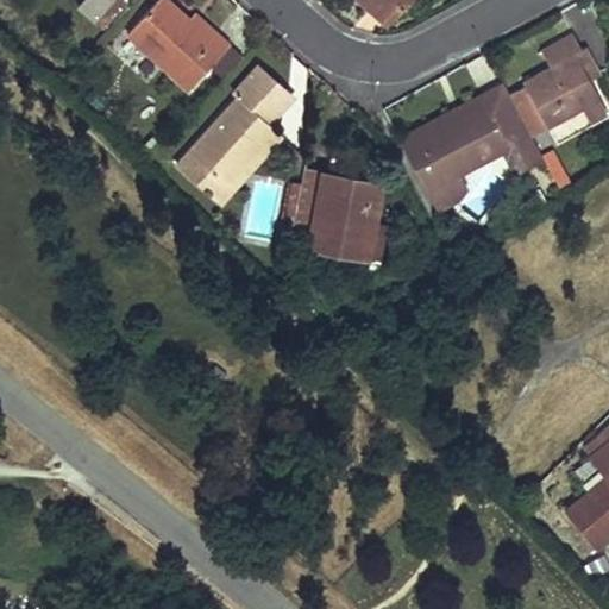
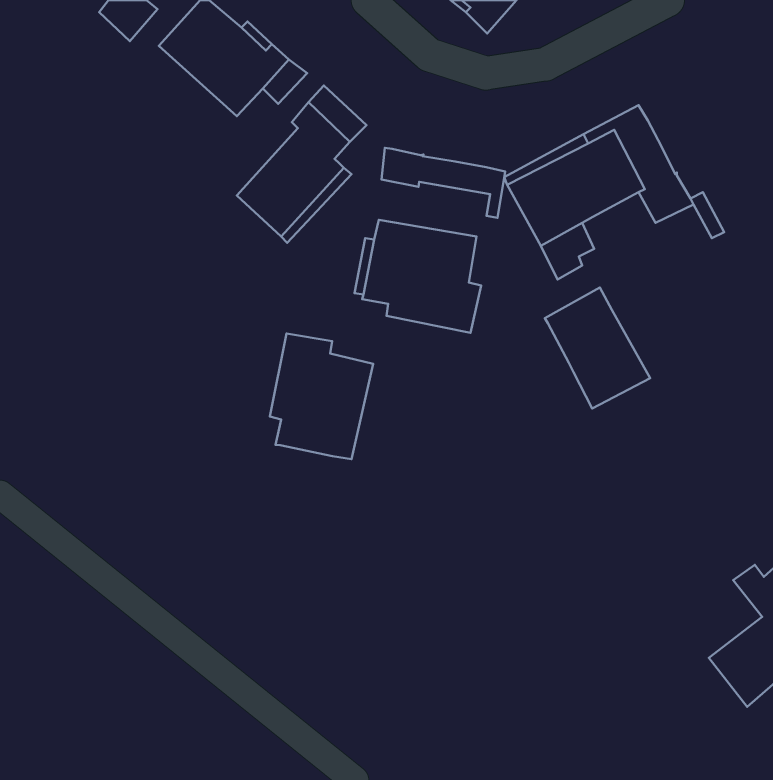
building: [510,32,602,136] -> none
building: none -> [382,148,505,218]
building: none -> [545,288,650,409]
building: none -> [270,333,373,459]

